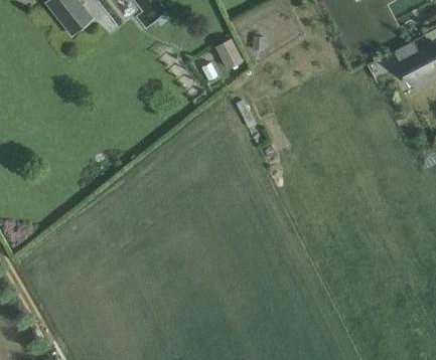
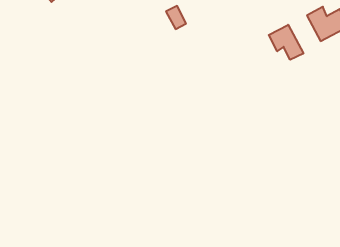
building: none -> [269,25,303,60]

